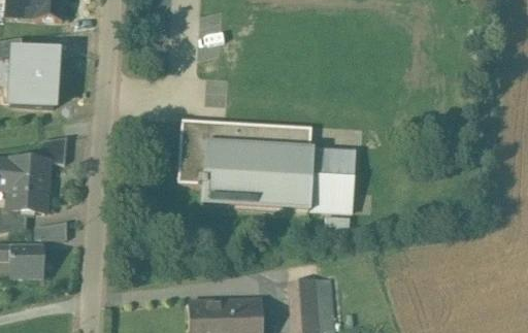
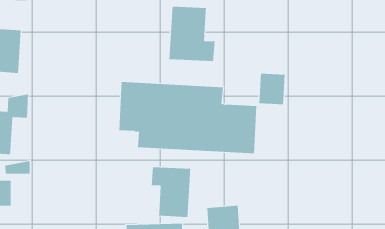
building: none -> [169,6,215,62]
building: none -> [259,73,285,105]
building: none -> [151,166,191,218]

